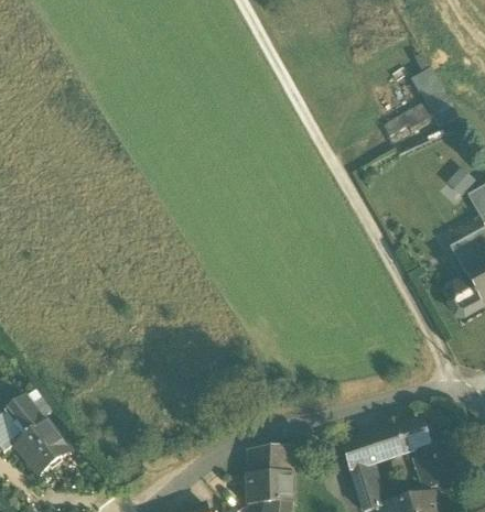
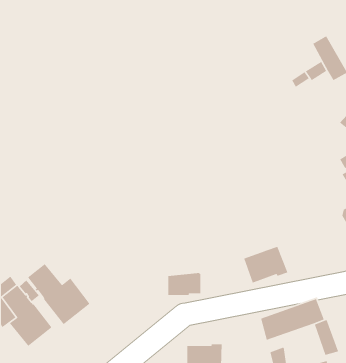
building: none -> [243,246,289,284]
building: none -> [27,263,91,325]
building: [250,445,294,476] -> [168,272,201,296]

